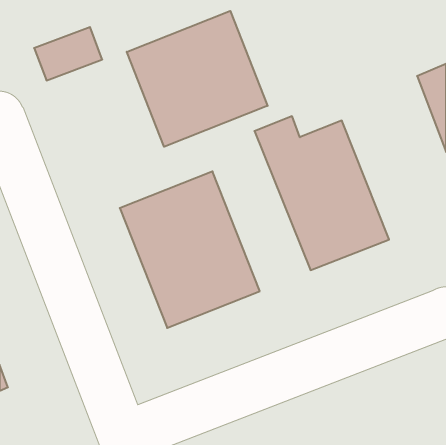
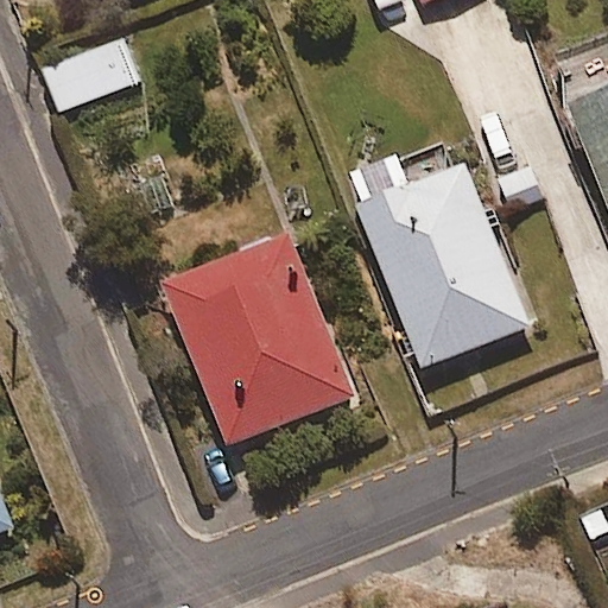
building: [127,11,268,147] -> none

